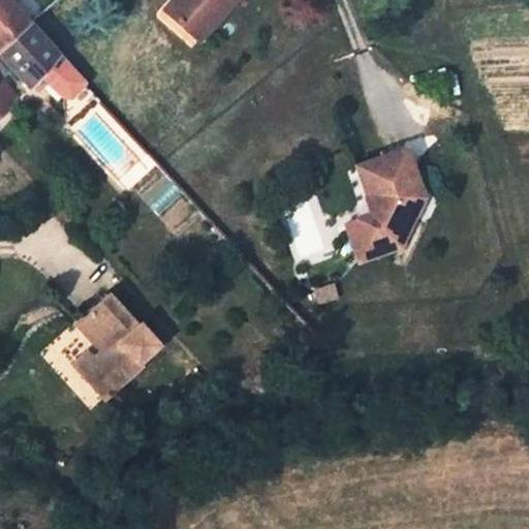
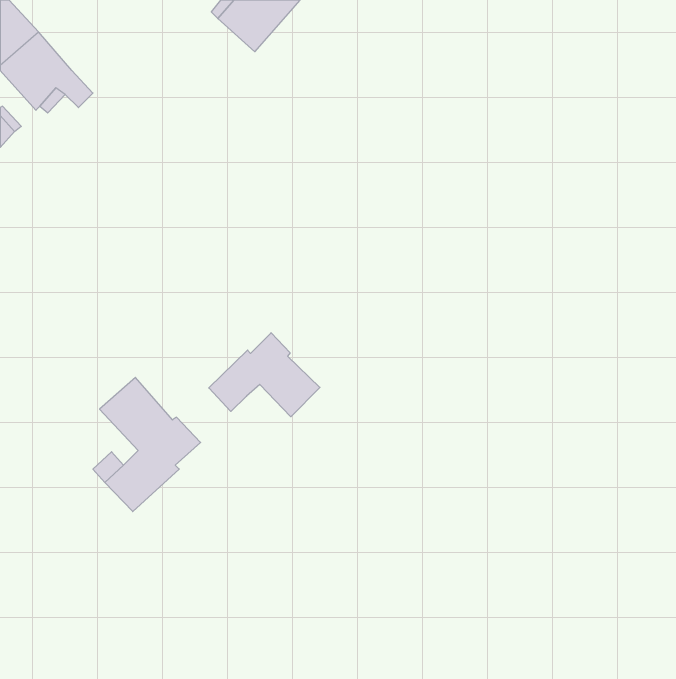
building: [344,154,416,256] -> none
building: none -> [209,333,320,417]

